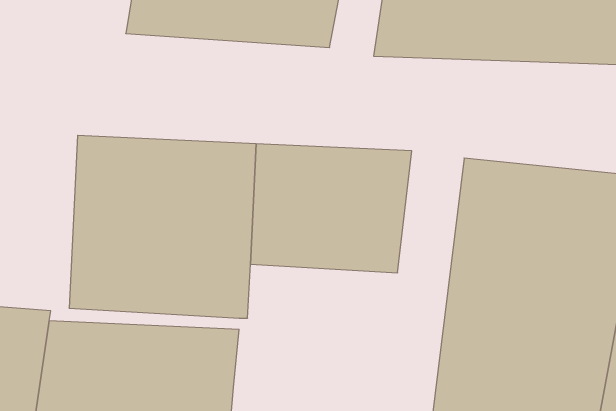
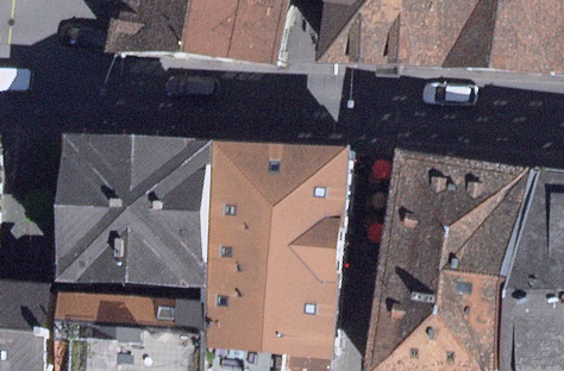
building: none -> [200,244,338,358]

